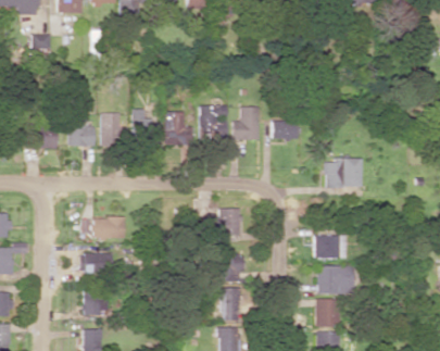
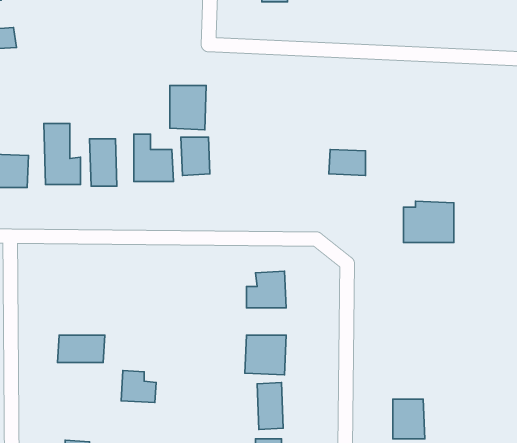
building: [232,106,260,139] -> none
building: [201,108,227,139] -> [170,86,206,130]
building: [93,217,124,238] -> none
building: [315,235,347,259] -> none
building: [318,265,353,293] -> none
building: [84,291,109,314] -> [121,370,156,402]

